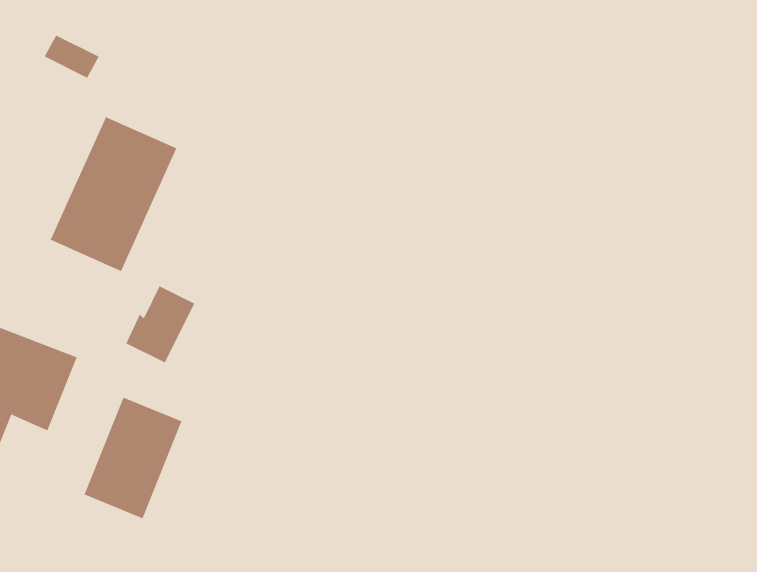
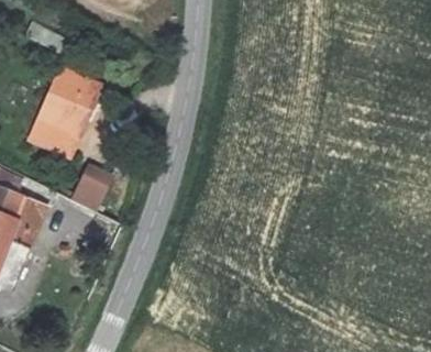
building: [84,397,182,519] -> none

